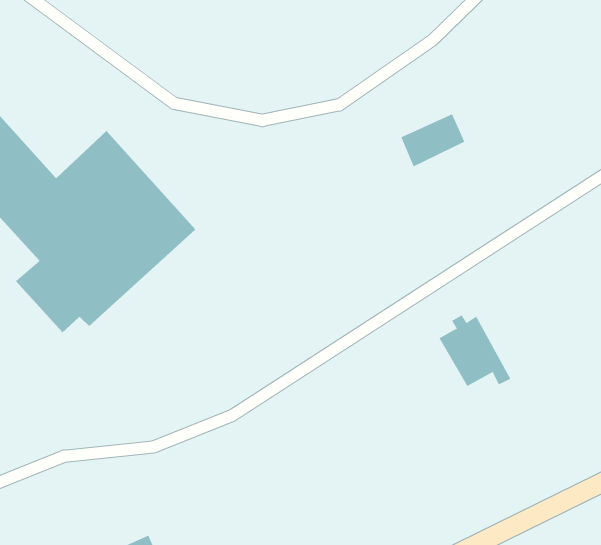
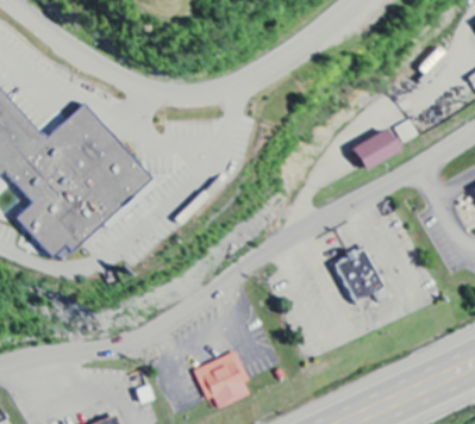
building: [401,113,465,167] -> [354,132,402,173]
building: none -> [196,353,251,412]

